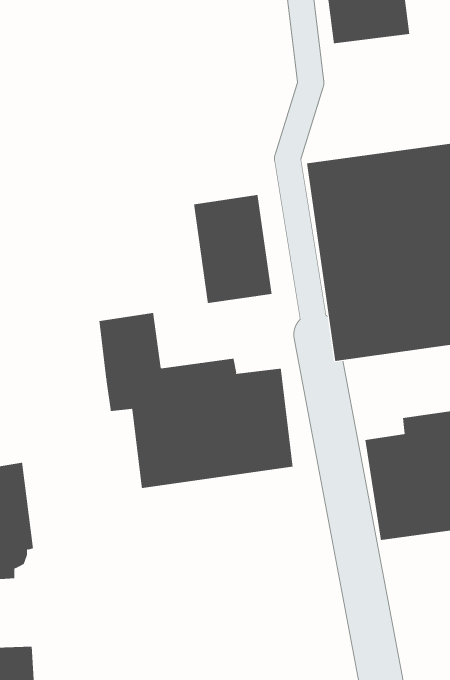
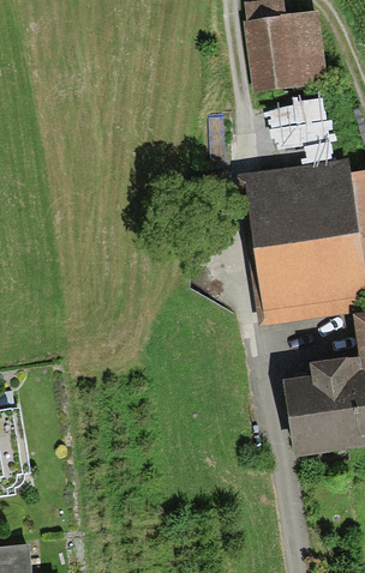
building: [193,194,272,304] -> none
building: [99,312,293,489] -> none

